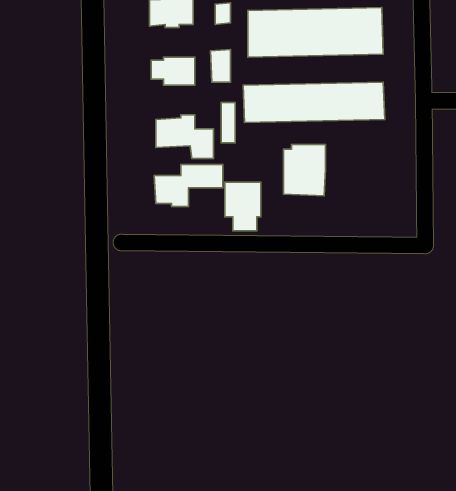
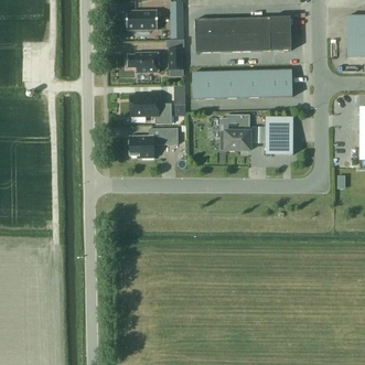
building: none -> [265,116,292,154]
building: [225,182,261,231] -> none

